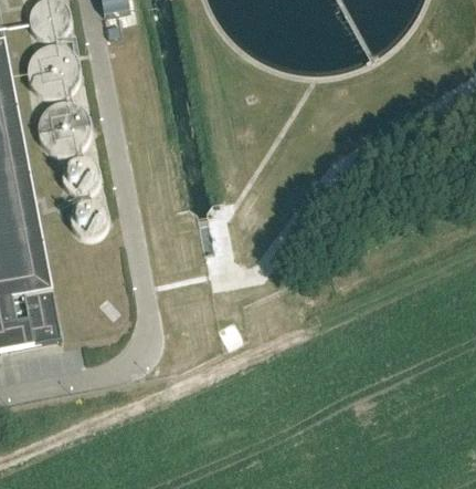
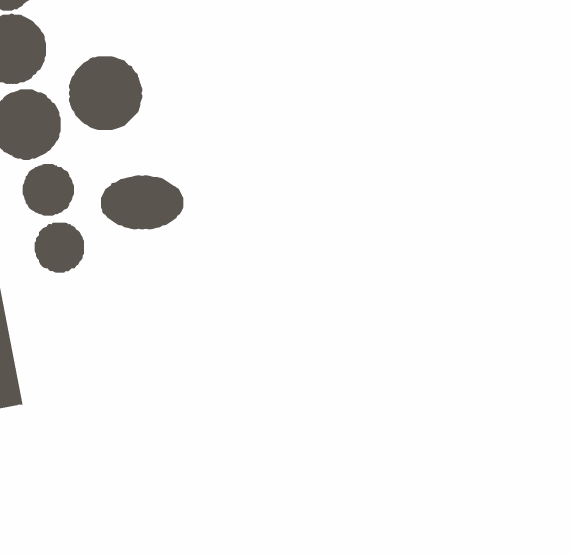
building: none -> [68,56,143,131]
building: none -> [100,175,184,230]

